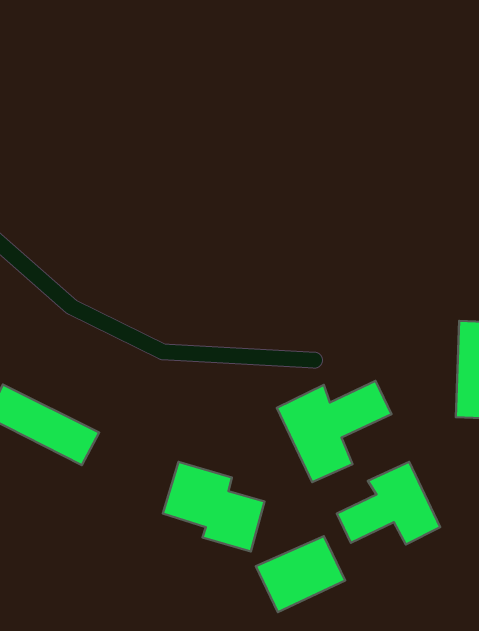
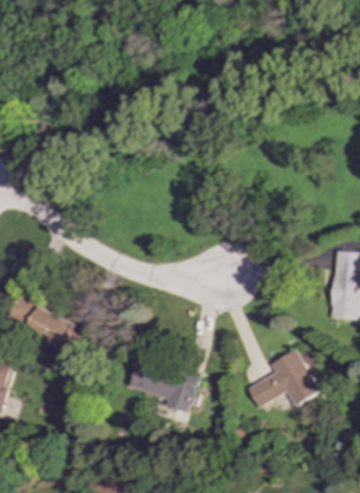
building: [277,381,391,482] -> none
building: [256,536,345,612] -> none

